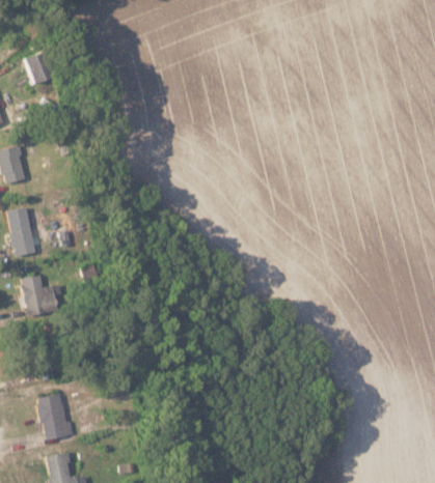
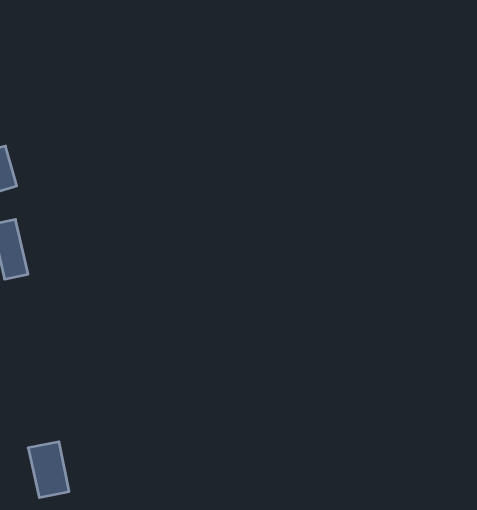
building: [26,54,49,84] -> none
building: [20,275,58,316] -> none

